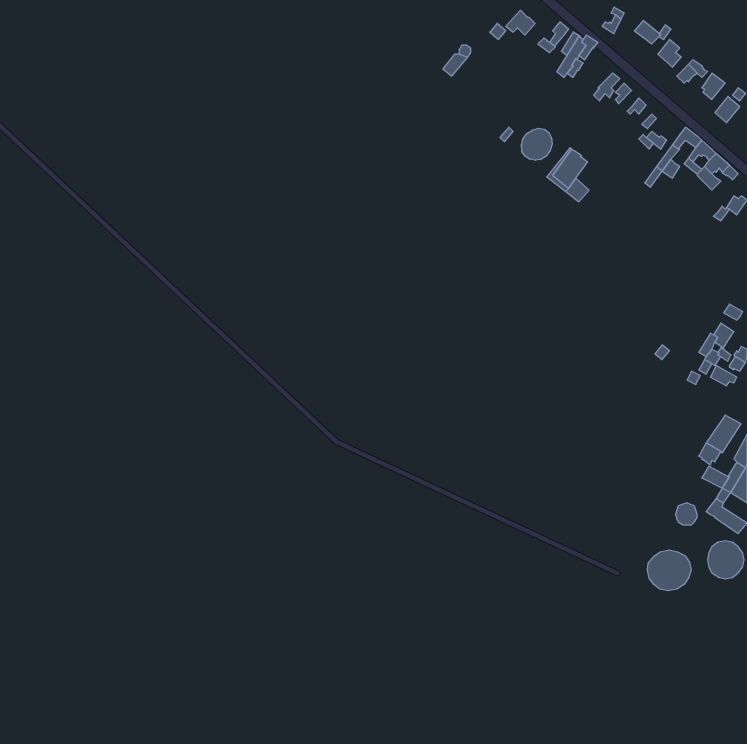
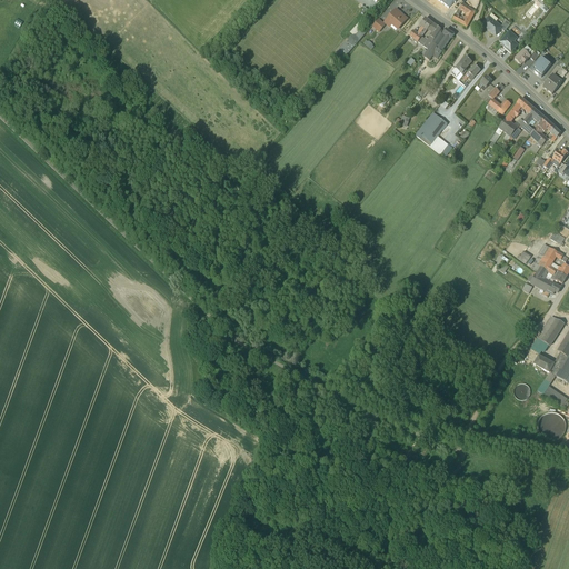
building: [522,128,552,160] -> none
building: [648,550,691,591] -> none

